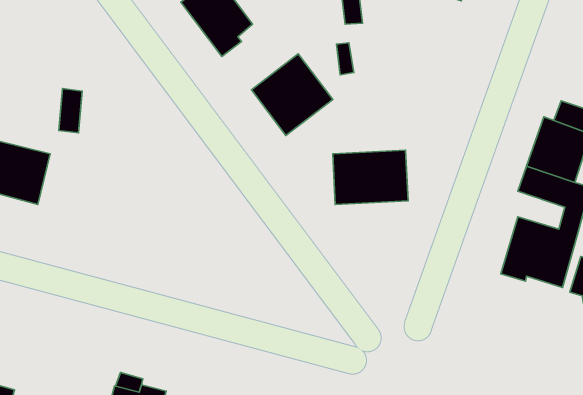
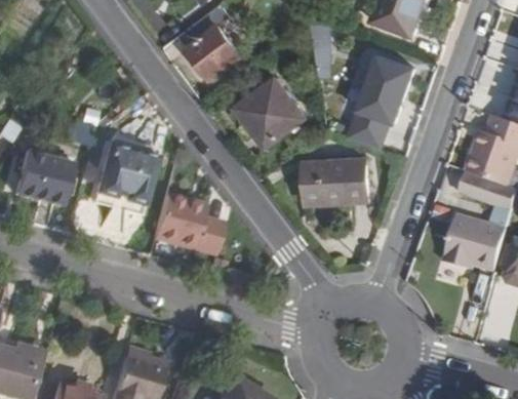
building: none -> [350,56,414,146]
building: none -> [95,142,156,203]
building: none -> [151,192,221,249]

